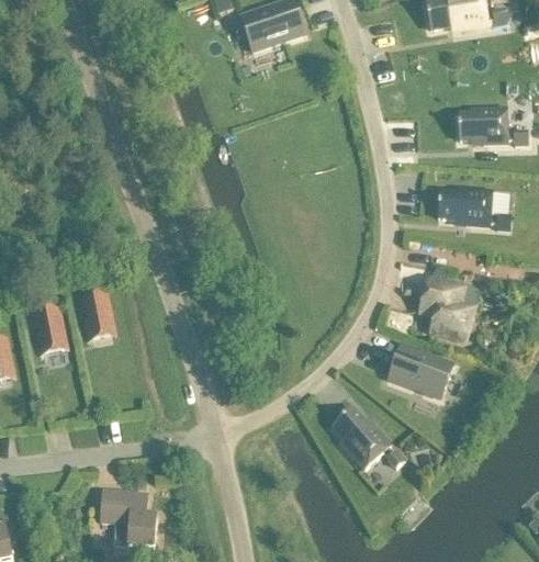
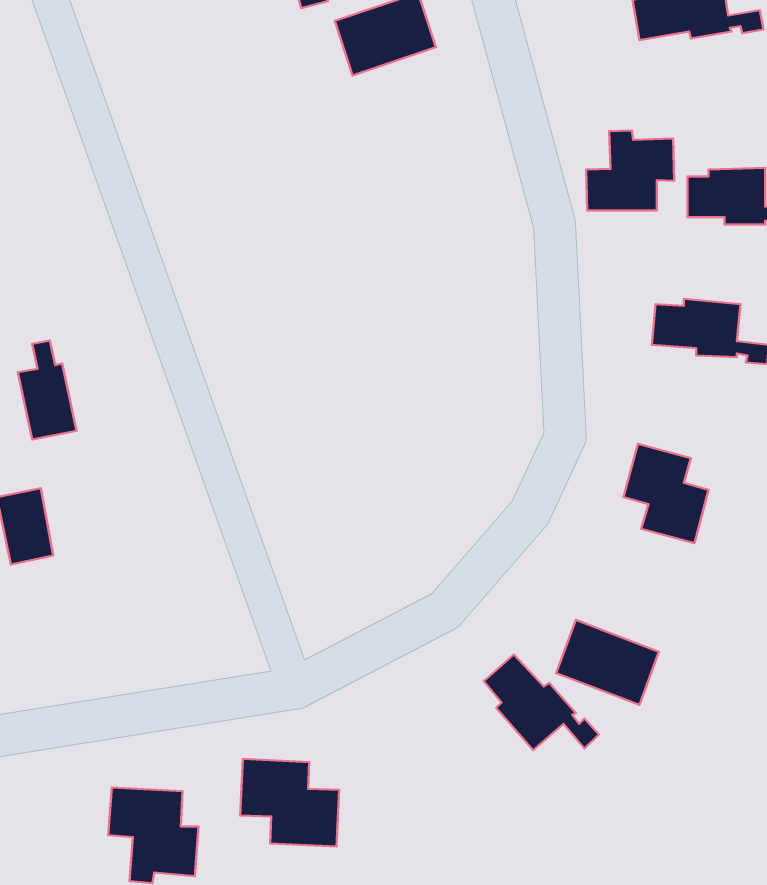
building: none -> [586,131,674,210]
building: [78,277,114,338] -> [18,340,76,440]
building: [389,344,452,396] -> [556,620,659,705]
building: none -> [240,759,339,847]

